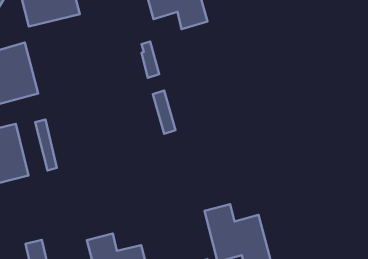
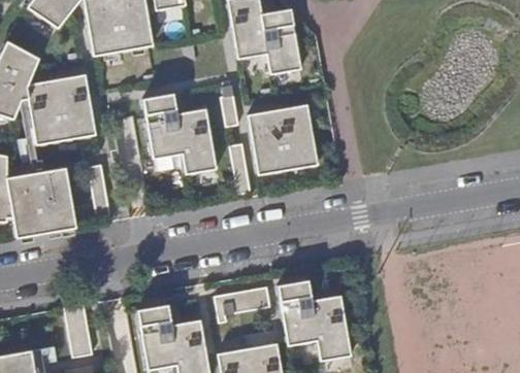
building: none -> [249,103,319,174]
building: none -> [142,92,218,173]
building: none -> [216,289,271,325]

